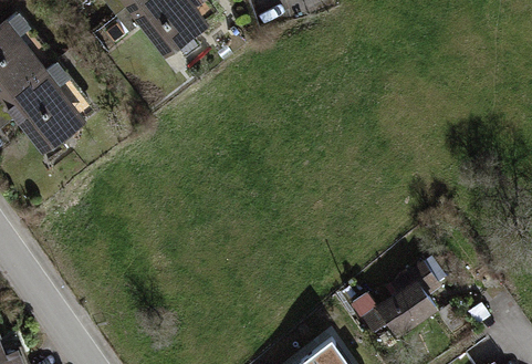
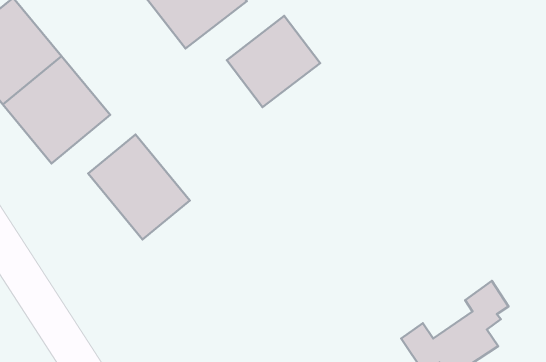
building: none -> [227,16,320,107]
building: none -> [88,135,190,239]

